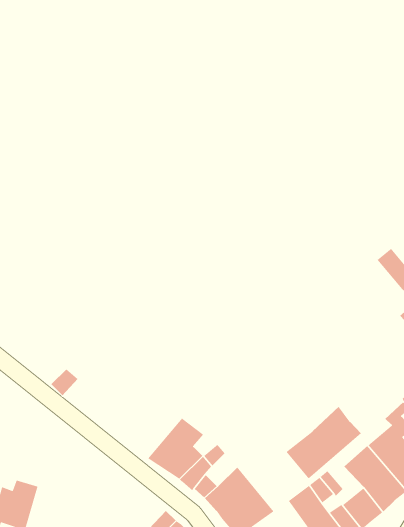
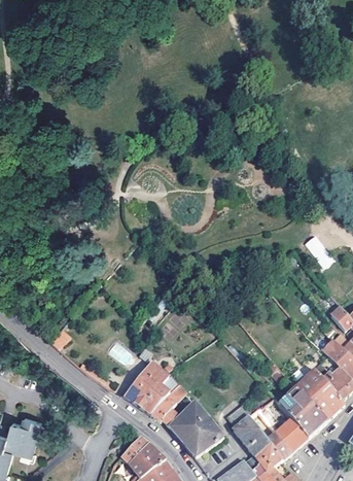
building: [285,406,362,479] -> none

